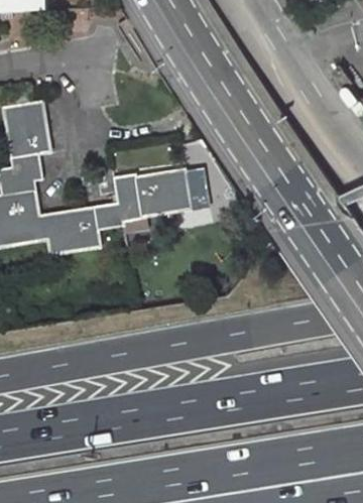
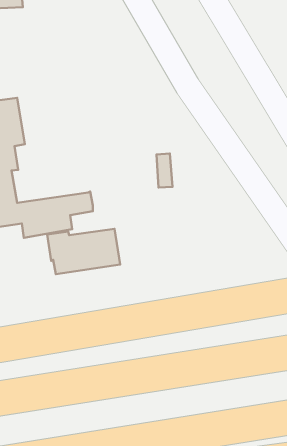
building: [113,171,191,220] -> [47,229,120,274]

